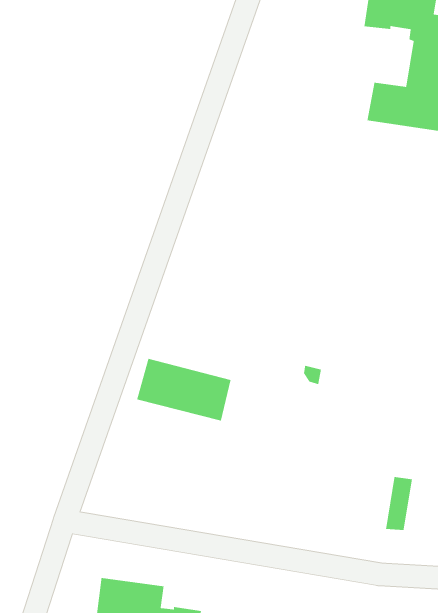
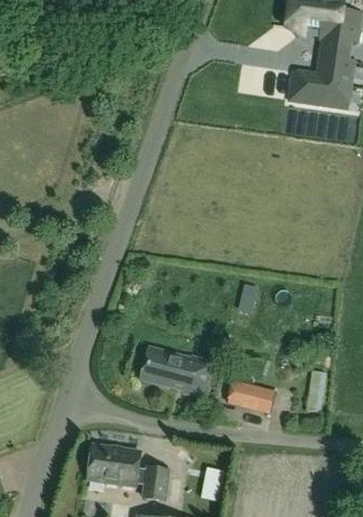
building: [136,358,231,421] -> [140,348,213,396]
building: none -> [228,376,276,408]

